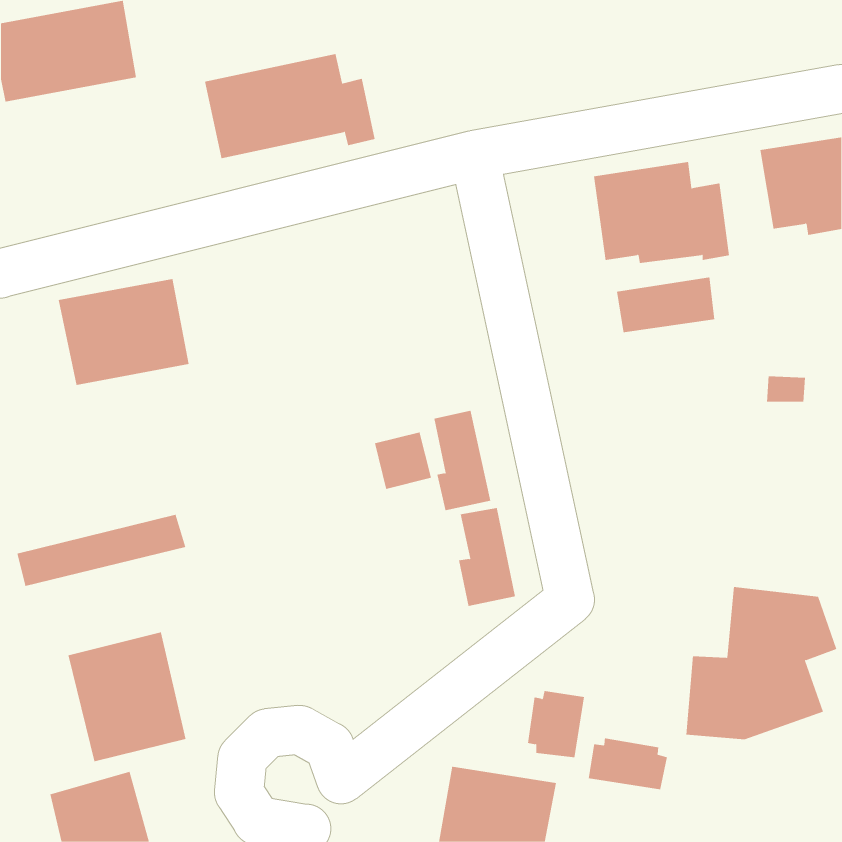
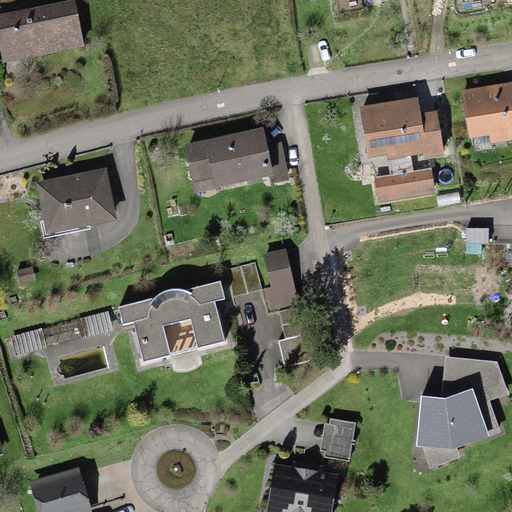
building: [204,53,376,159] -> [184,128,288,192]
building: none -> [118,282,224,362]
building: [68,631,186,762] -> none
building: [588,738,667,790] -> none

